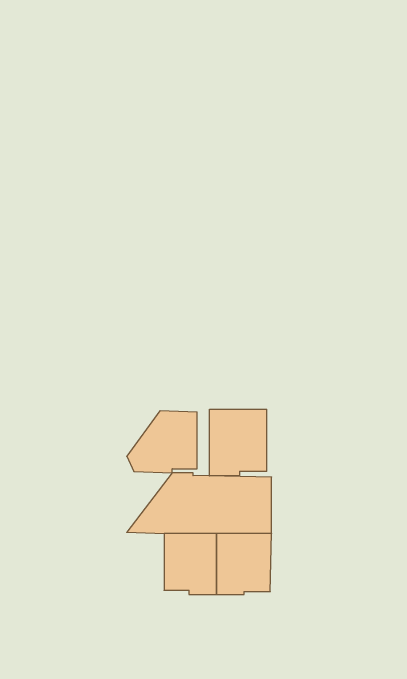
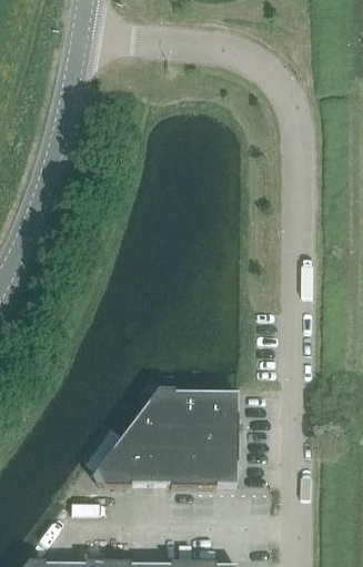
building: [210,409,267,476] -> none
building: [127,411,197,473] -> [93,436,150,486]

